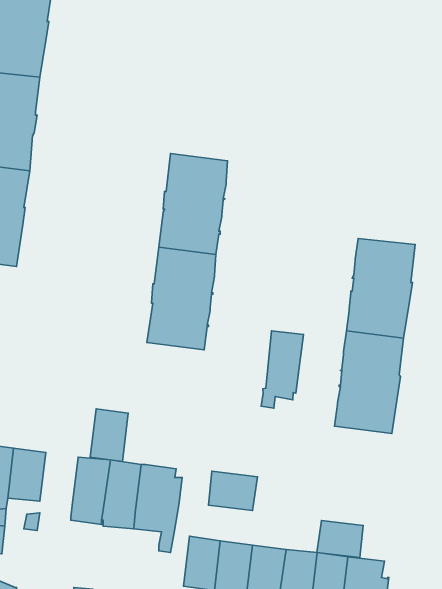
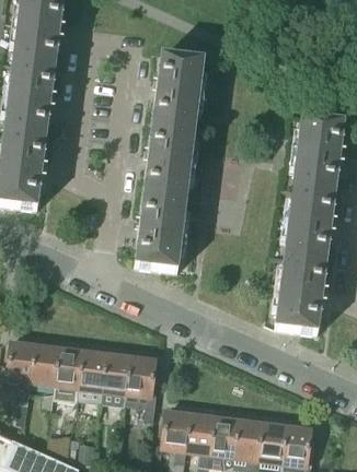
building: none -> [152,55,205,130]
building: none -> [292,117,344,192]
building: [261,331,303,408] -> none
building: [90,409,128,462] -> [55,347,83,387]
building: [208,471,257,510] -> none
building: [317,521,363,558] -> none

